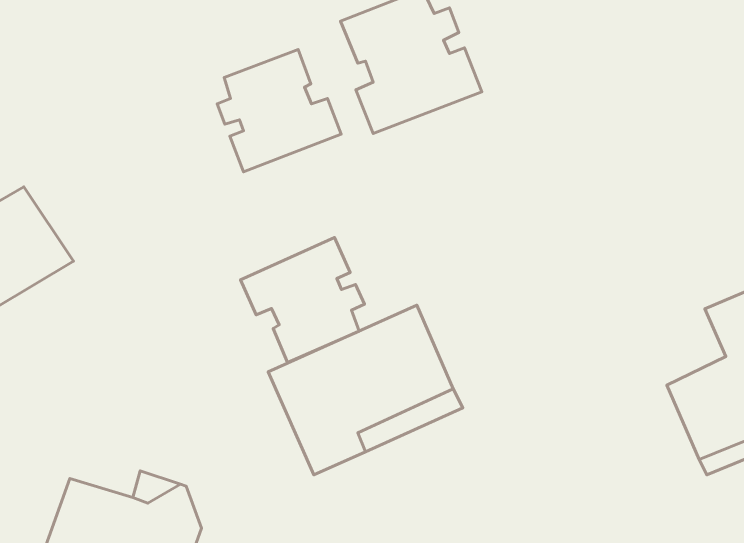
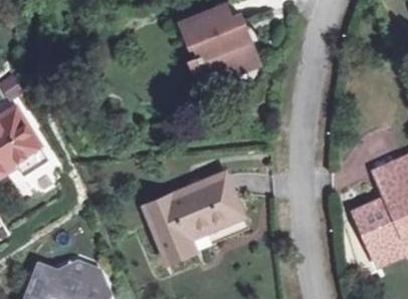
building: [217,49,341,172] -> none
building: [240,238,364,362] -> none

